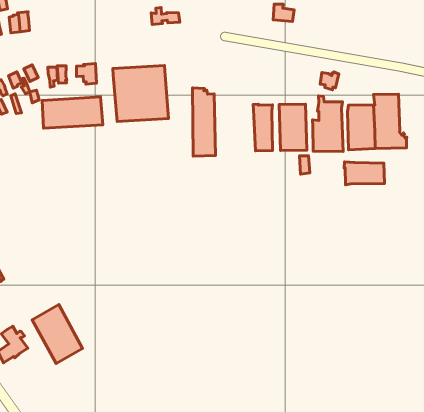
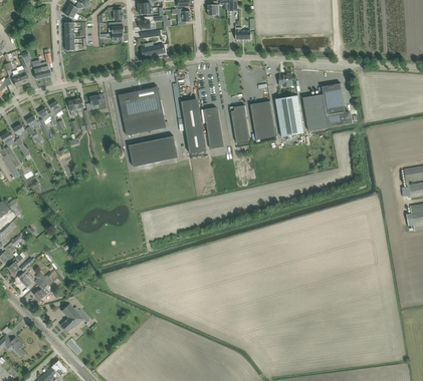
building: [42,97,103,128] -> [129,136,178,166]
building: none -> [203,107,224,148]
building: [344,162,385,185] -> none
building: [32,305,83,364] -> none

